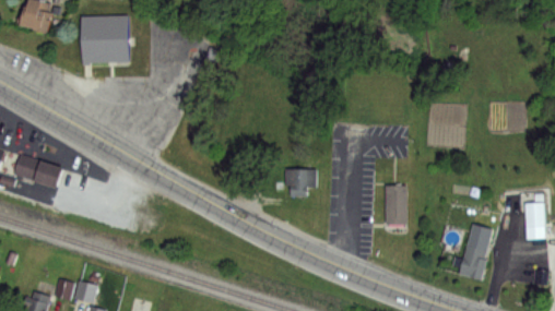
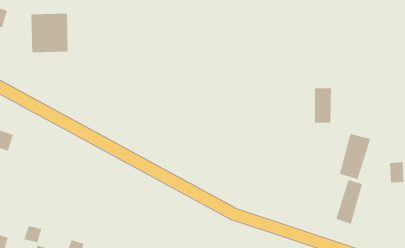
building: none -> [339,133,371,180]
building: [285,169,317,196] -> none
building: [385,178,406,222] -> [314,88,332,123]

